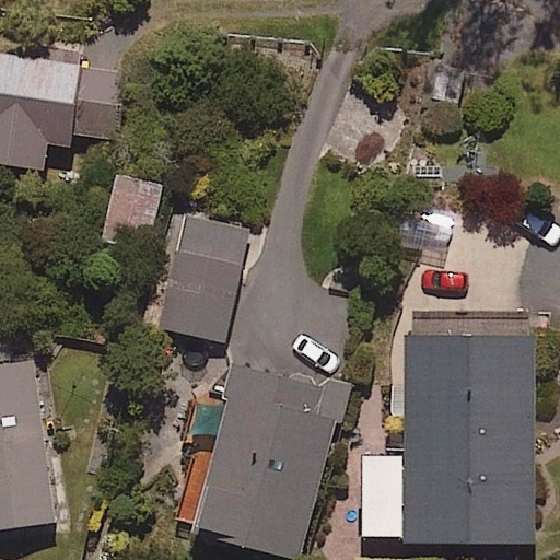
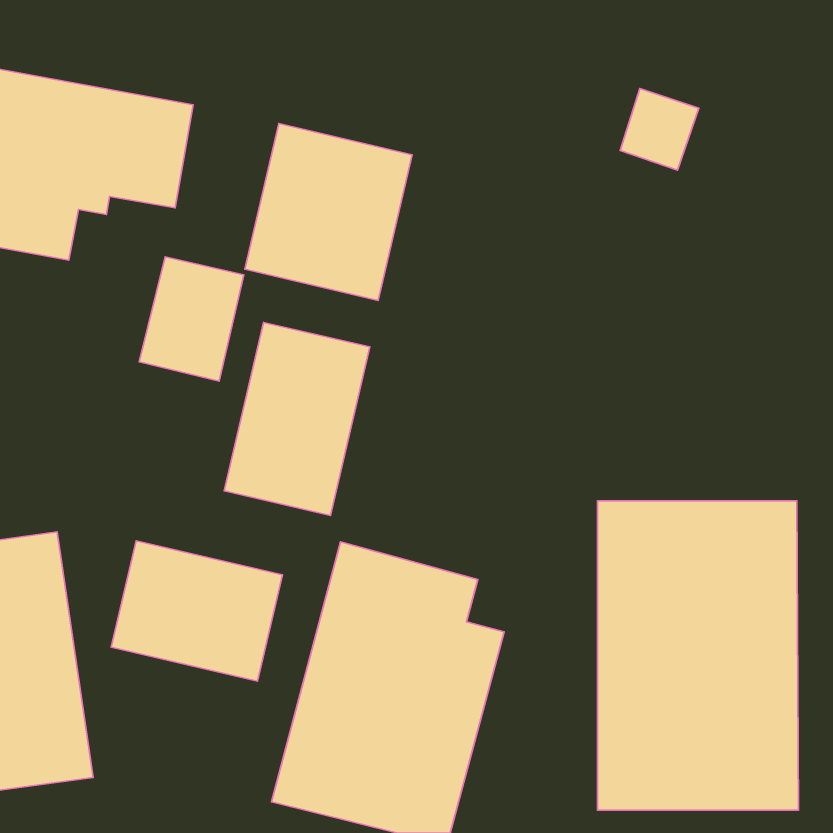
building: none -> [245,123,412,300]
building: none -> [111,541,282,681]

